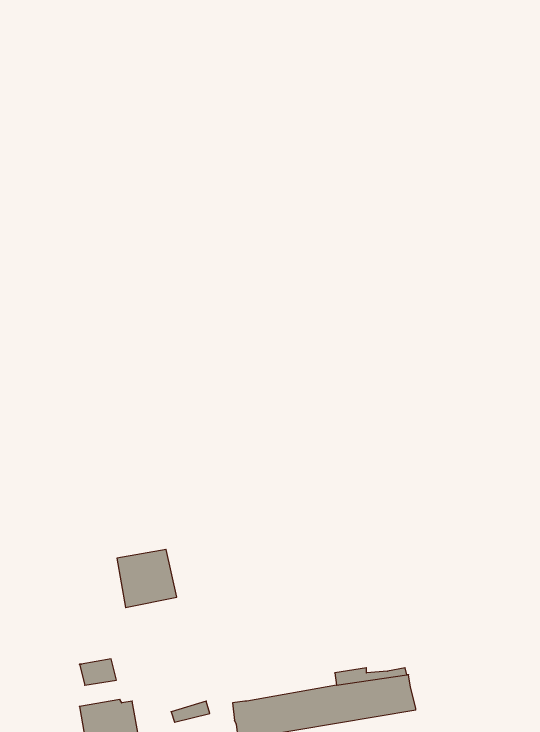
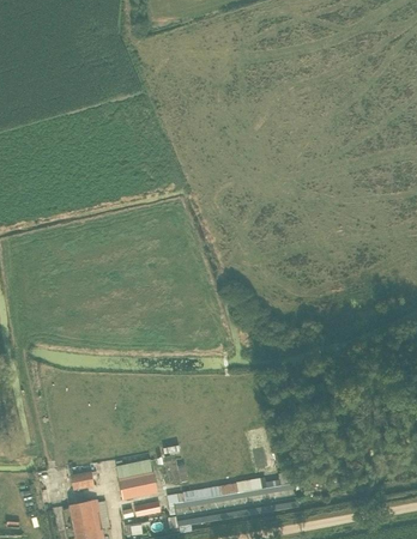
building: [117,549,177,608] -> [116,460,157,499]

